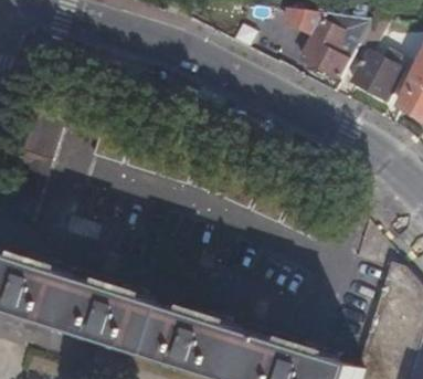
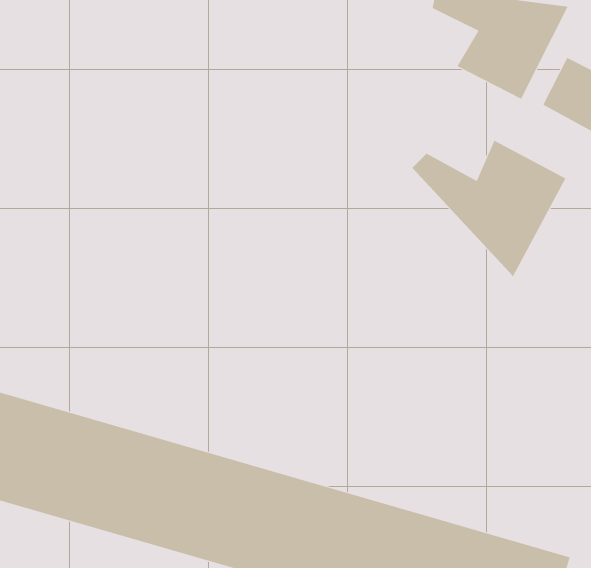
building: none -> [411,140,566,277]

